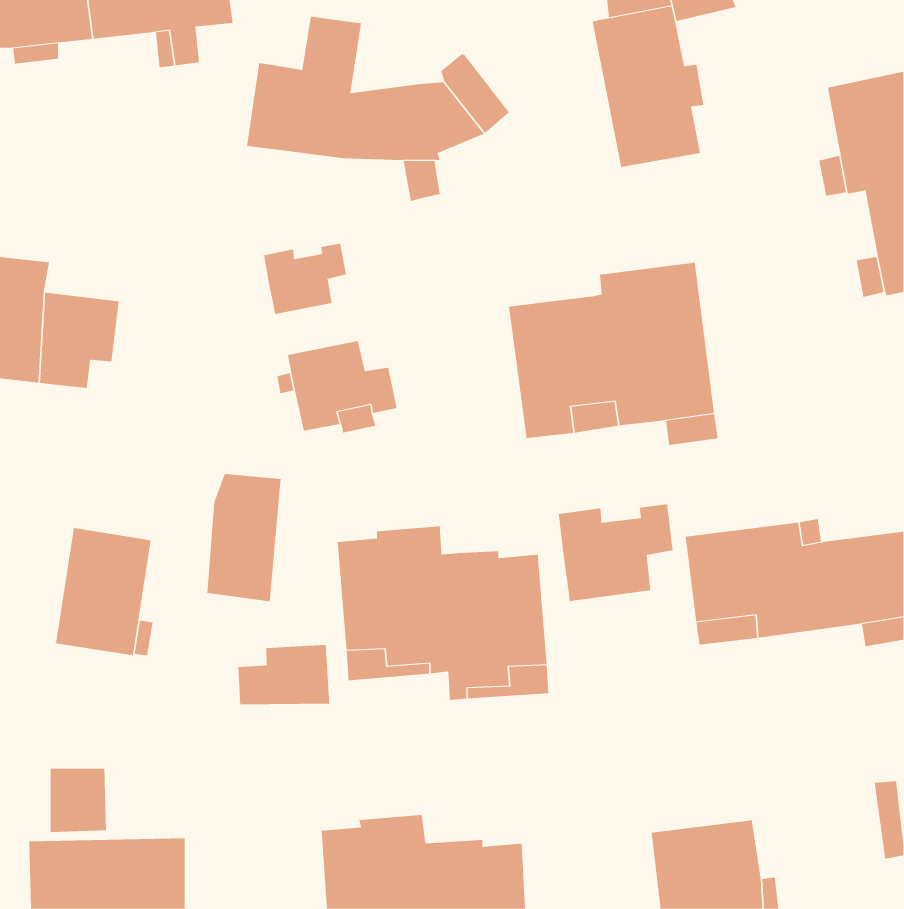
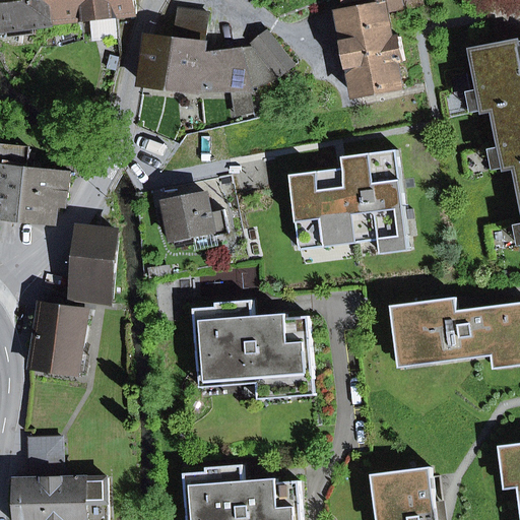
building: [263,243,346,315] -> none
building: [206,474,281,602] -> [73,230,116,303]
building: [558,504,673,602] -> none
building: [238,644,330,705] -> none

